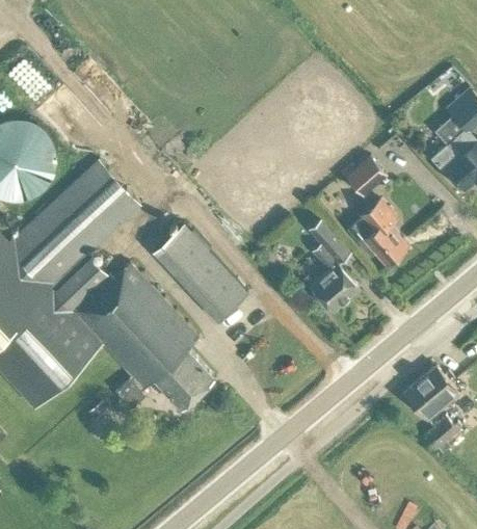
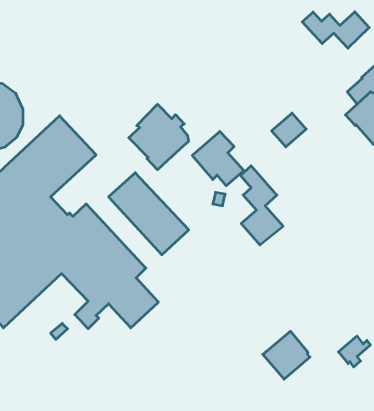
building: none -> [302,12,369,48]
building: none -> [129,104,189,170]
building: [346,202,406,265] -> [192,131,244,186]
building: [402,367,457,423] -> [263,331,310,379]

